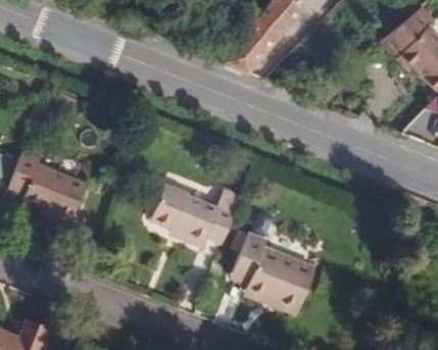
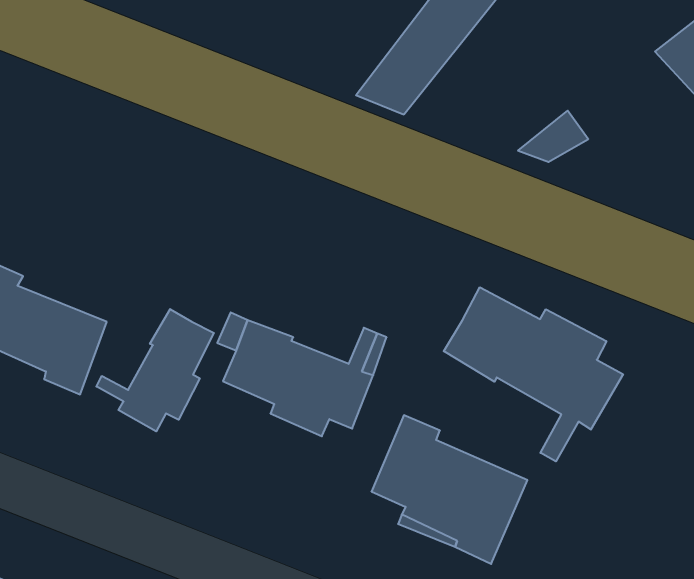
building: none -> [444,287,623,461]
building: none -> [96,309,214,431]

